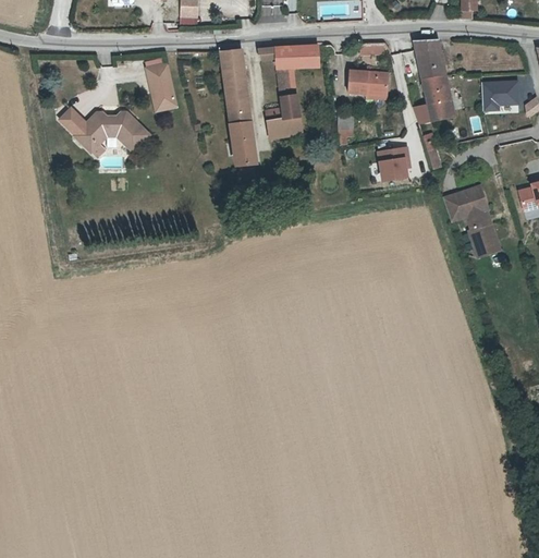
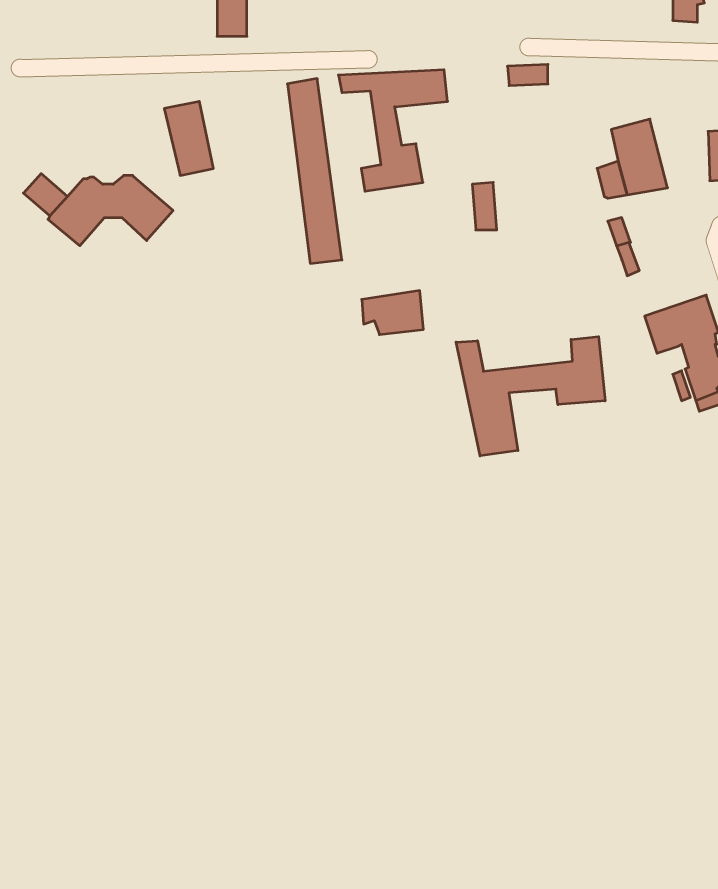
building: [414,41,446,82] -> none
building: [348,71,389,96] -> none
building: [270,114,308,142] -> [362,291,423,335]
building: [377,147,411,182] -> none
building: none -> [456,337,605,456]

